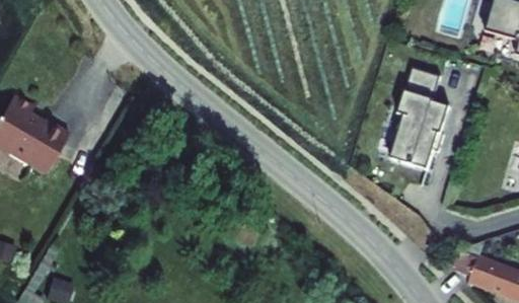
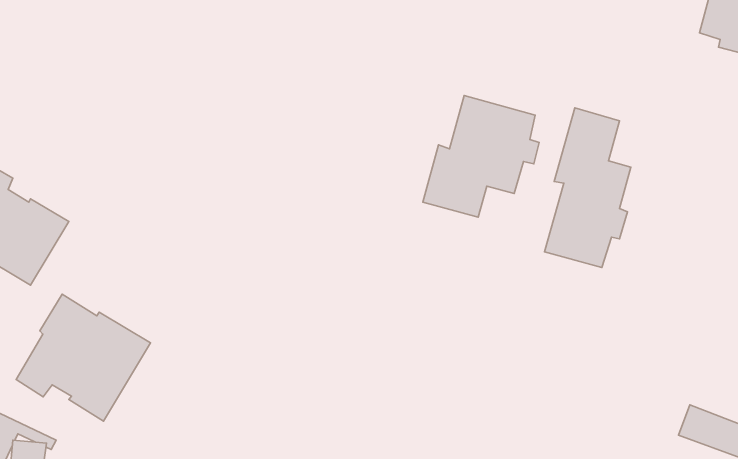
building: none -> [423,96,539,217]
building: none -> [16,294,150,421]

